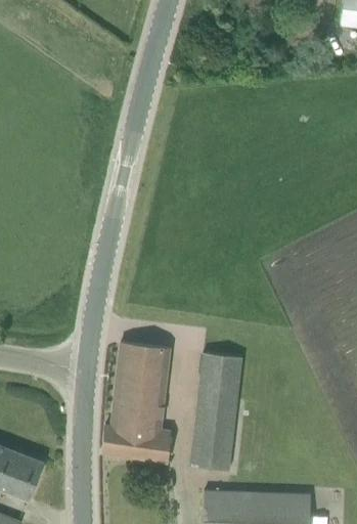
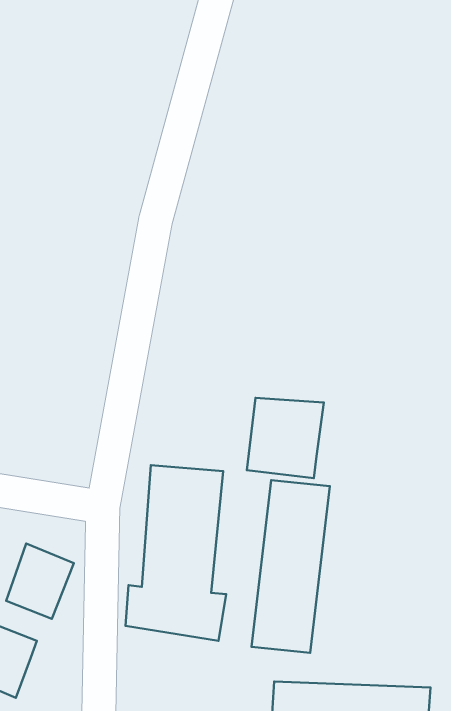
building: none -> [247,398,324,478]
building: none -> [6,543,74,619]

